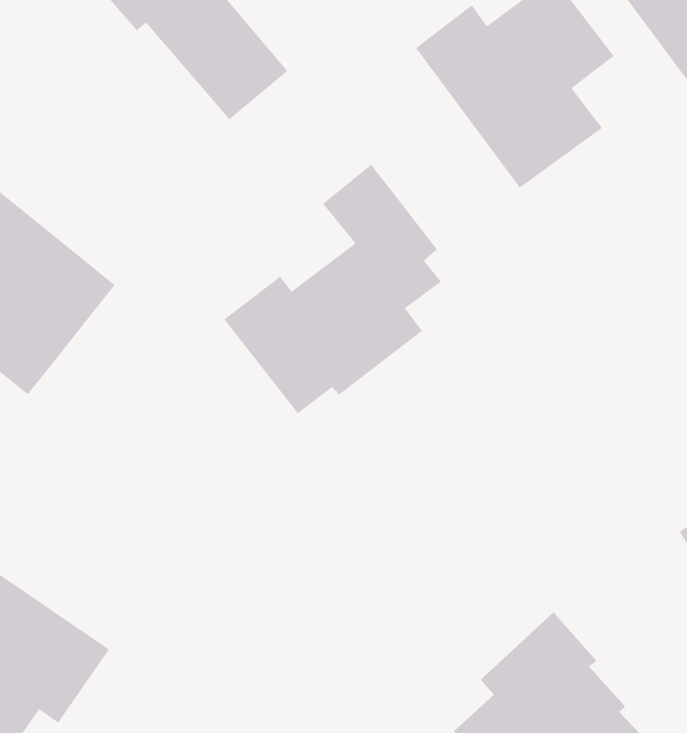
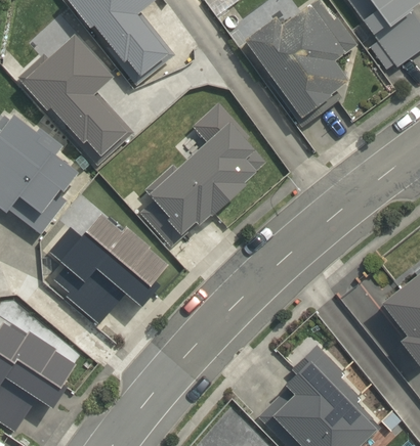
building: none -> [26,37,134,159]
building: none -> [42,212,171,320]

